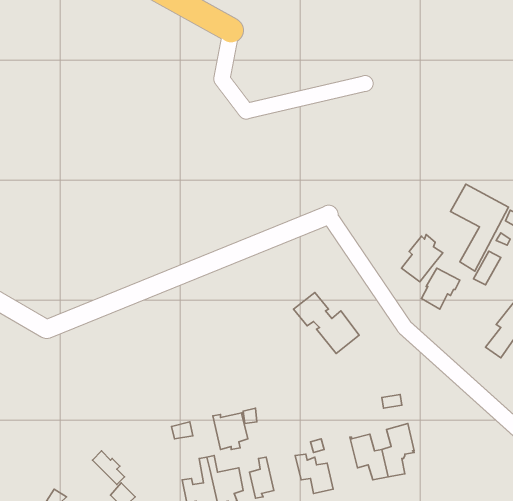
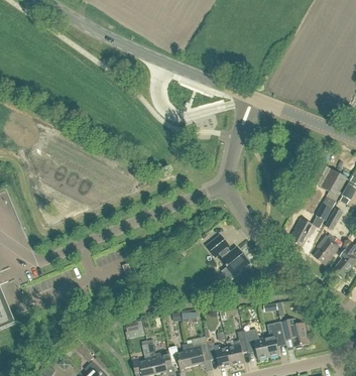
building: [402,235,443,282] -> [313,232,340,263]
building: [213,413,248,450] -> [187,340,210,364]
building: none -> [280,317,309,346]
building: none -> [227,329,247,363]

